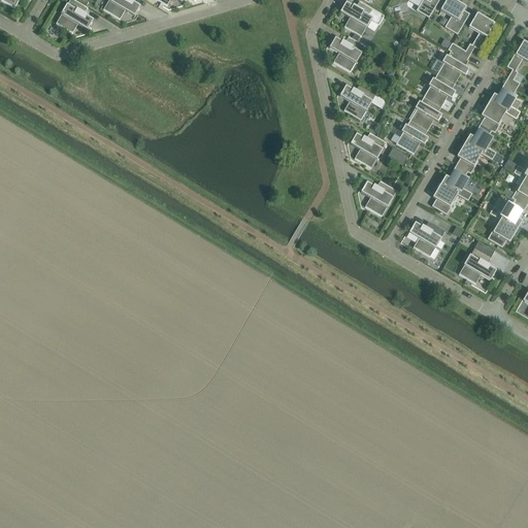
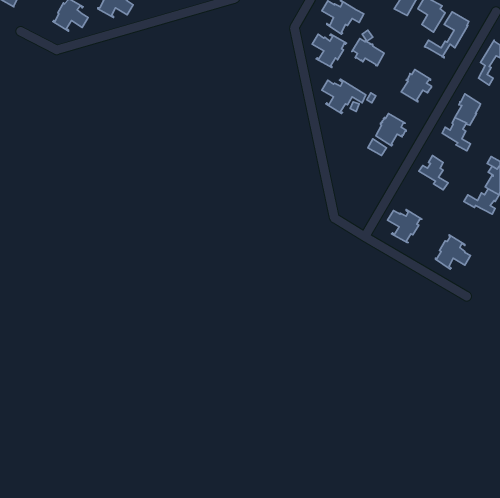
building: none -> [352,39,384,66]
building: [437,51,469,84] -> none
building: [490,82,521,119] -> none
building: [409,97,441,130] -> none
building: [350,132,386,167] -> none
building: [456,140,483,173] -> none
building: [361,180,396,216] -> none
building: [431,180,459,214] -> none
building: [487,217,519,246] -> none

